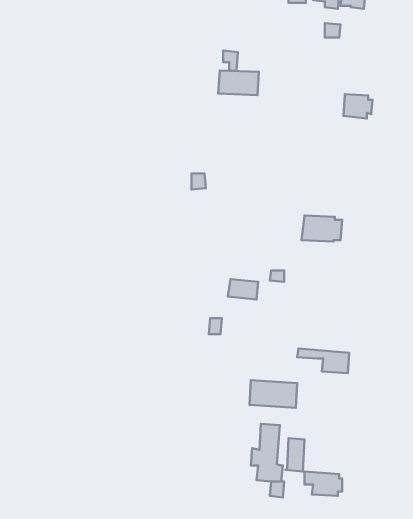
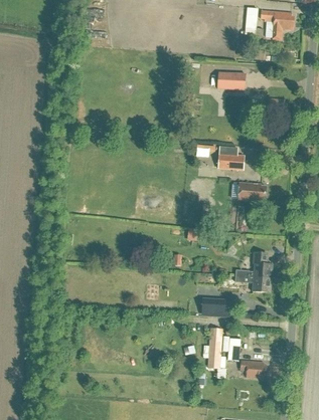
building: [218,71,259,95] -> [216,71,245,88]
building: none -> [218,145,244,168]
building: none -> [235,251,272,277]

